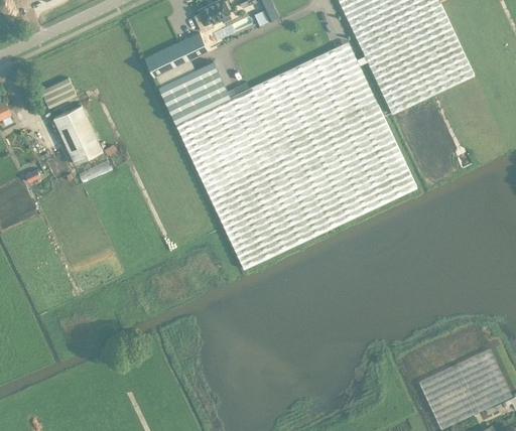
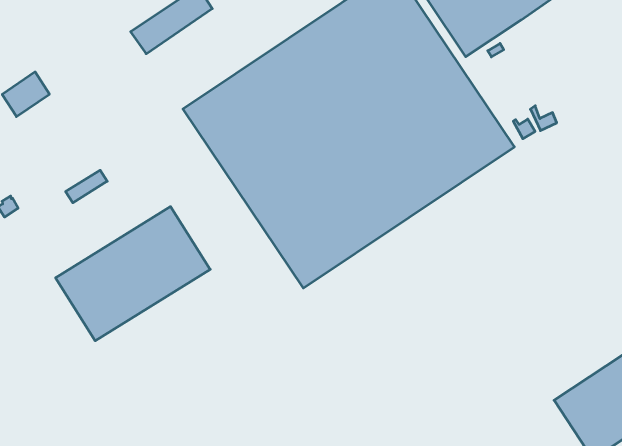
building: [157,59,230,122] -> none
building: [53,105,103,164] -> none
building: none -> [56,207,210,341]

